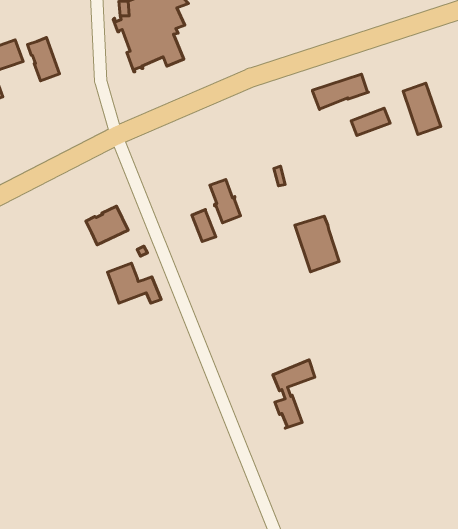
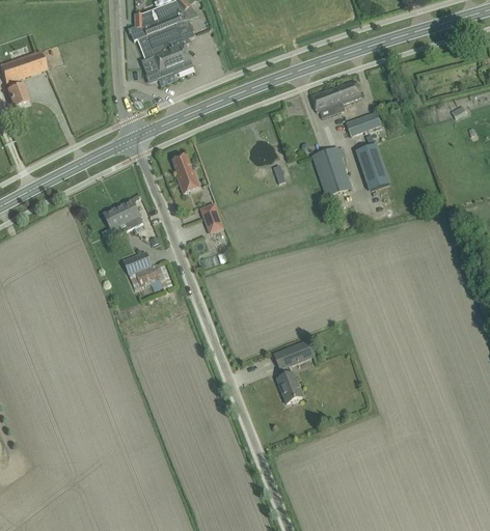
building: [28,38,59,81] -> none
building: [403,83,441,134] -> [355,143,389,190]
building: [210,180,241,223] -> [171,153,199,193]
building: [295,216,339,272] -> [310,146,351,197]

